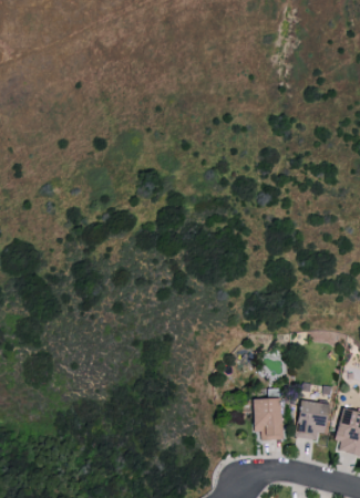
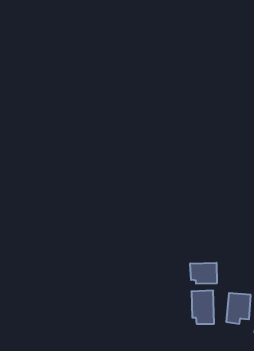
building: none -> [190,263,217,284]

